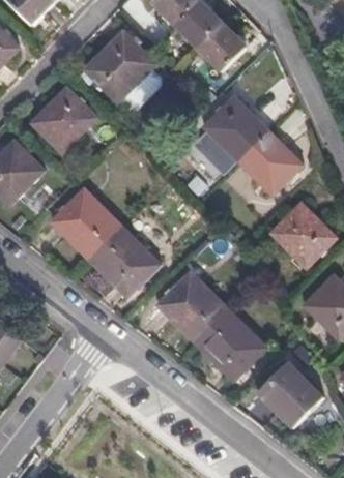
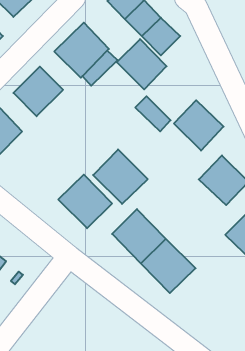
building: [203,95,267,160] -> [117,39,167,89]
building: [52,188,122,259] -> [93,149,148,204]
building: [258,363,321,426] -> none

